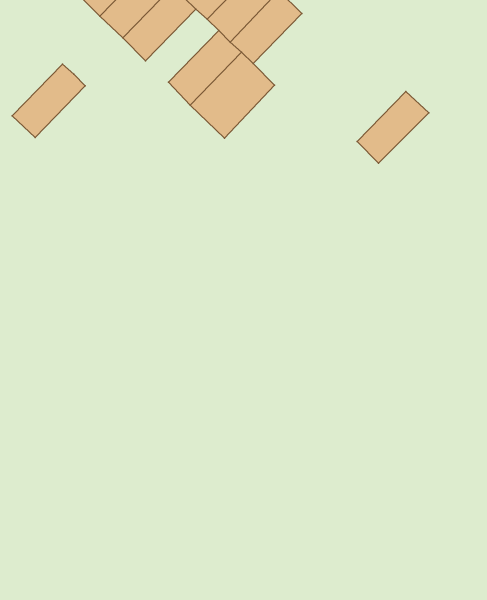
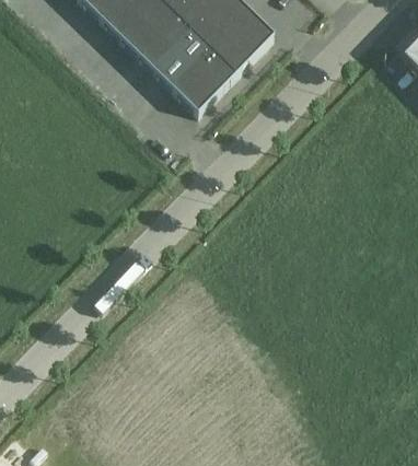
building: [12,64,85,137] -> [137,9,193,65]
building: [357,91,429,163] -> [219,12,274,67]

